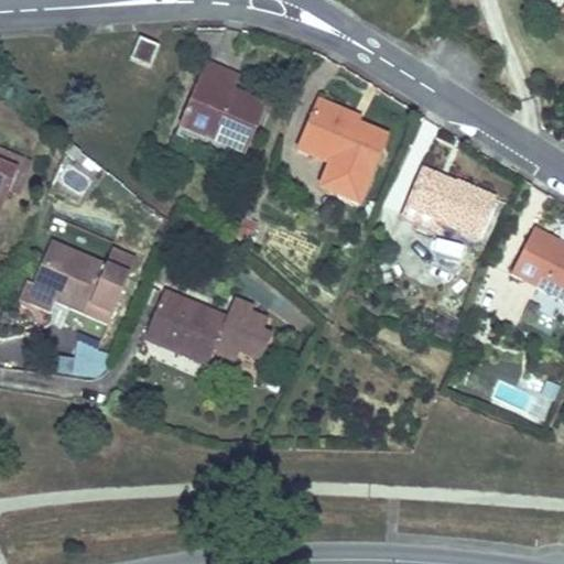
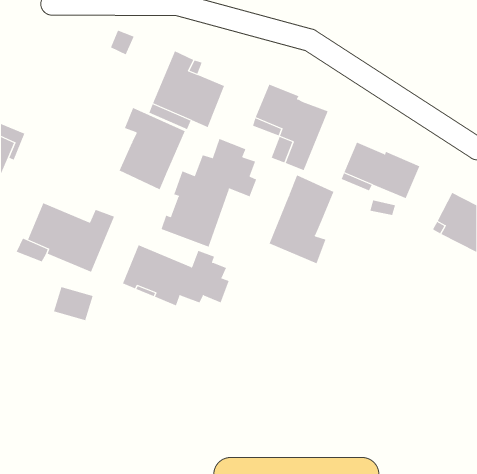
building: none -> [119,107,186,190]
building: none -> [161,138,257,247]
building: none -> [269,175,334,264]

